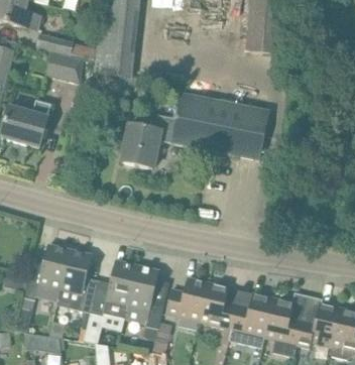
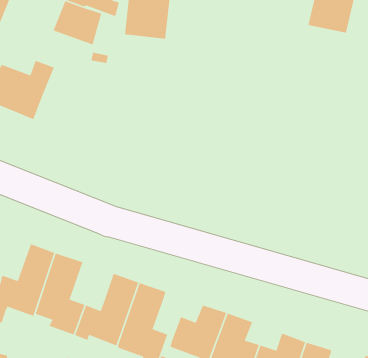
building: [121,91,270,168] -> none

